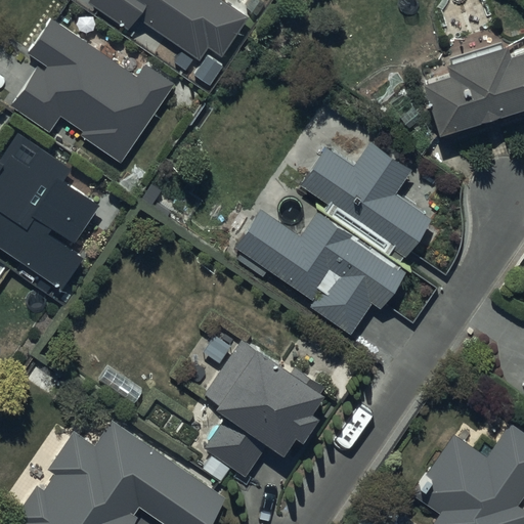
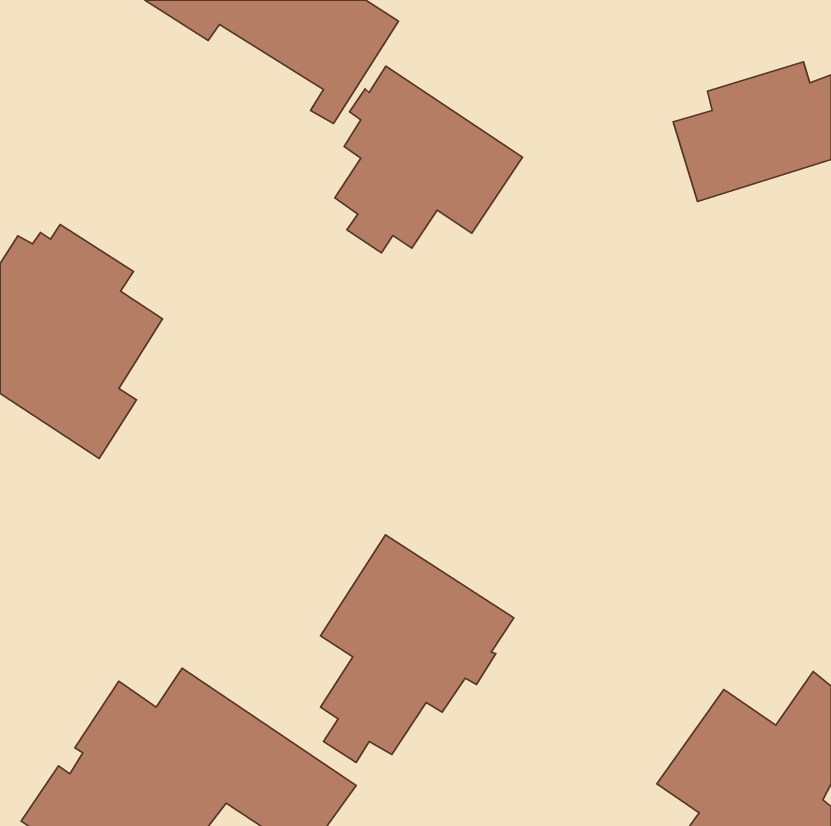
building: [14,18,174,161] -> none
building: none -> [335,66,523,253]
building: [234,142,431,334] -> none

